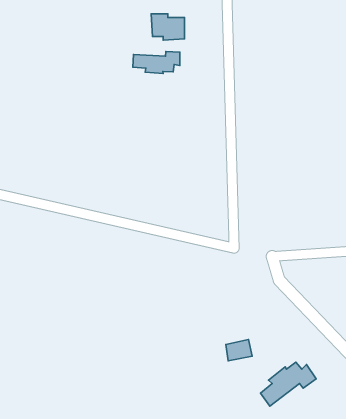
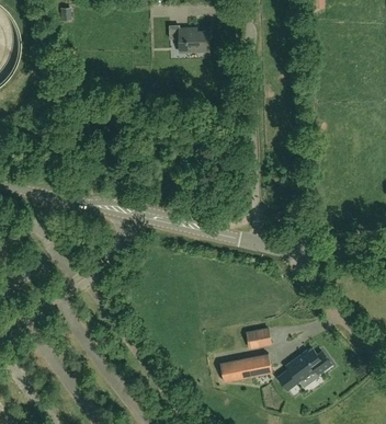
building: [133,52,180,74] -> none
building: none -> [219,355,272,382]

